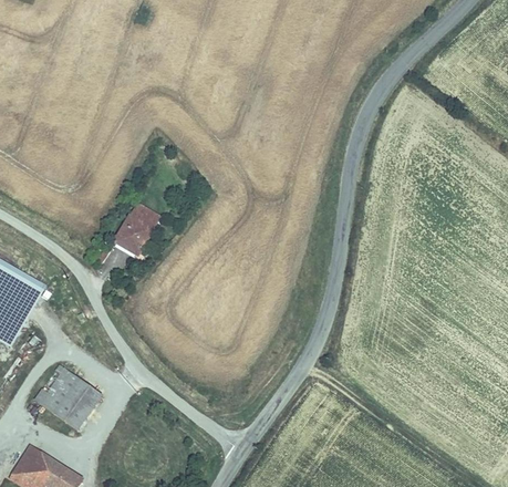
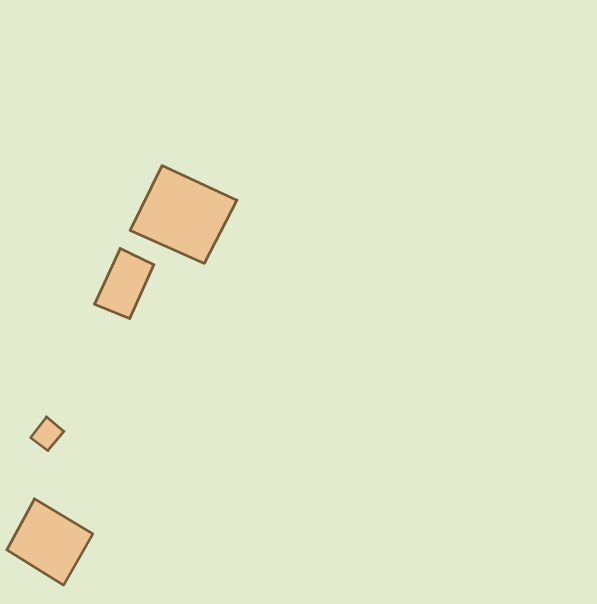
building: none -> [130,166,237,263]

